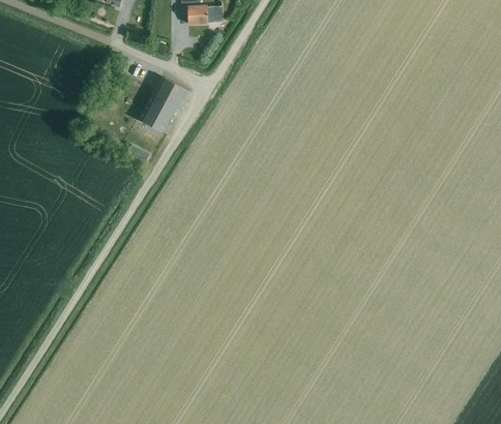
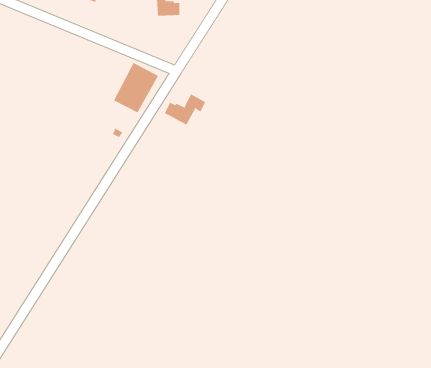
building: none -> [164,93,206,125]

